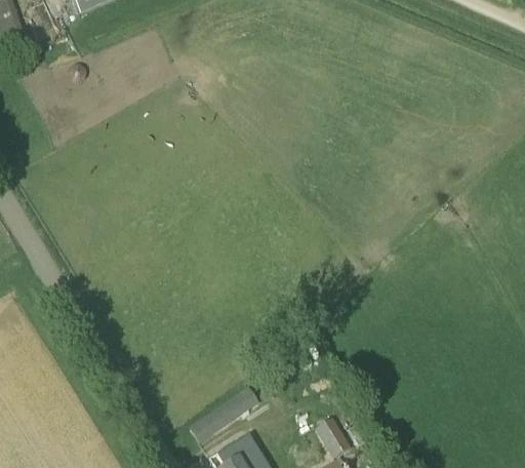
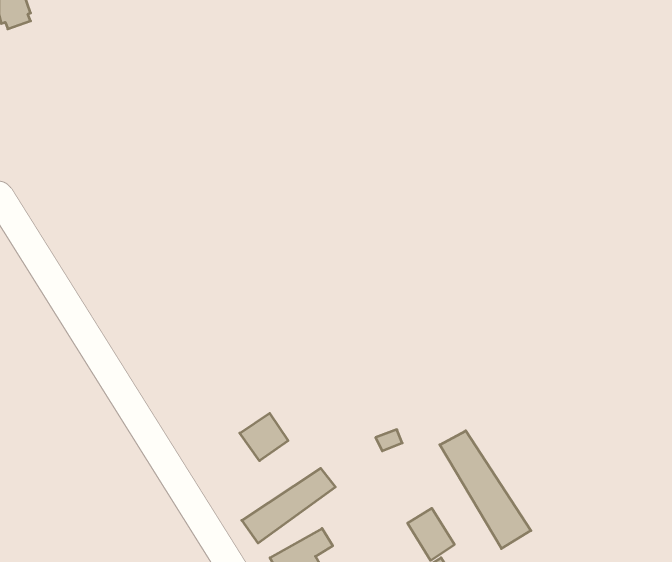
building: none -> [240,413,288,461]
building: none -> [440,431,531,549]

